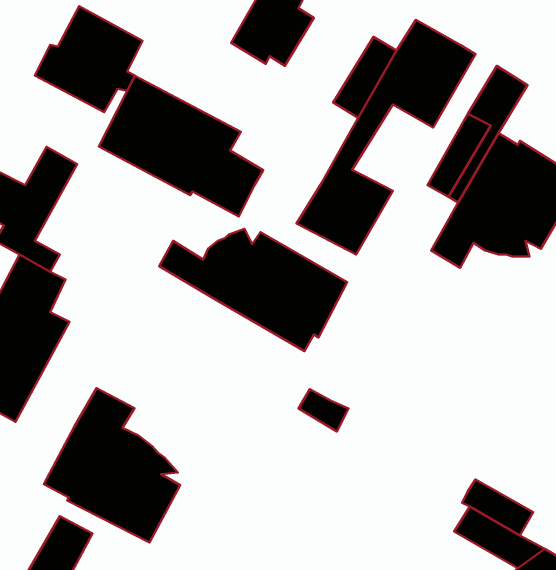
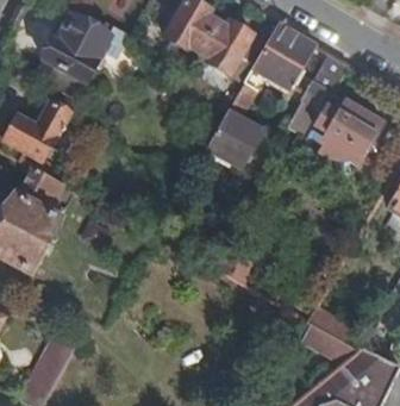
building: none -> [200,20,255,74]
building: [99,76,263,217] -> none
building: [159,229,347,351] -> none
building: [44,388,180,542] -> none

